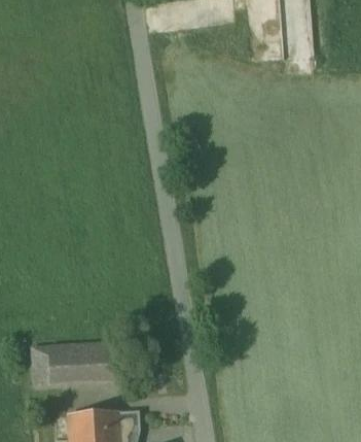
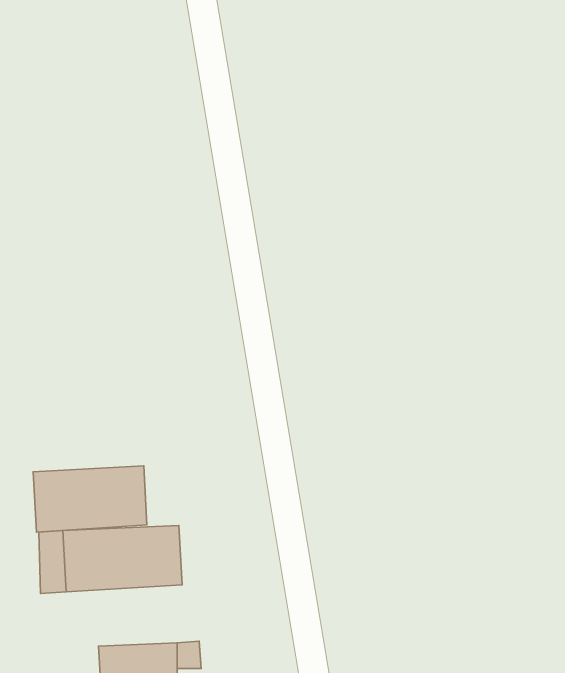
building: none -> [33,466,147,532]

